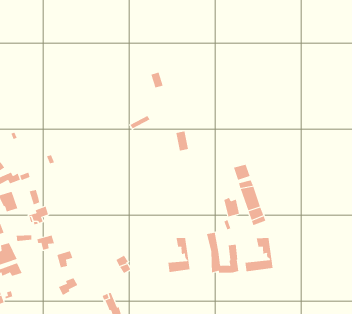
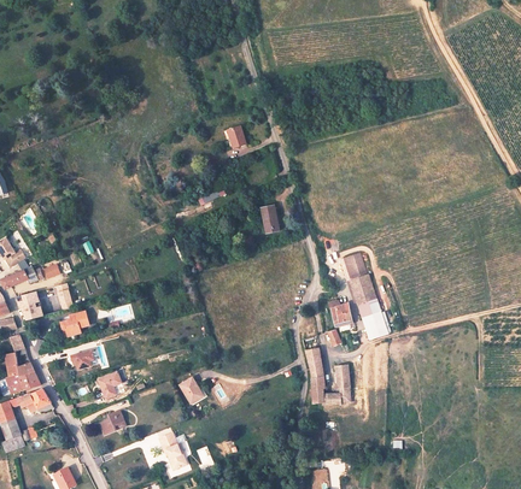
building: [168,237,190,273] -> none
building: [245,237,273,272] -> none

